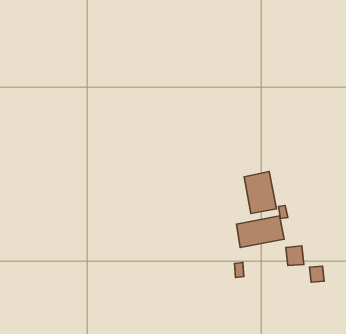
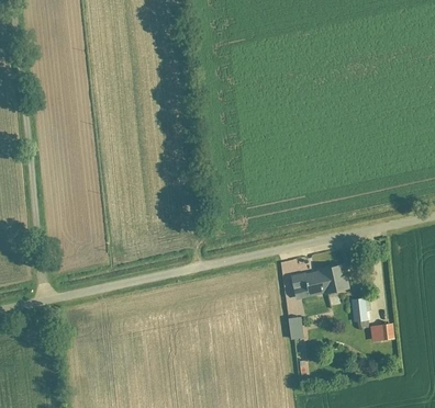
building: [244,171,276,214] -> none

